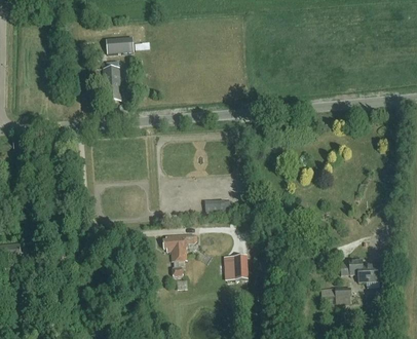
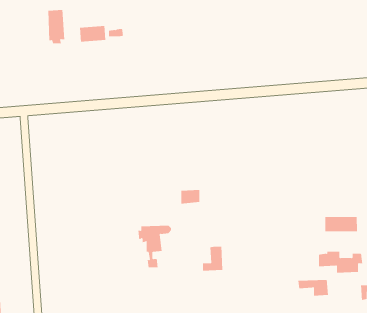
building: [104,67,121,101] -> [47,9,65,44]
building: none -> [325,216,357,232]

